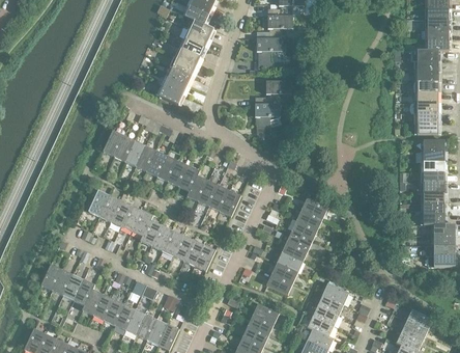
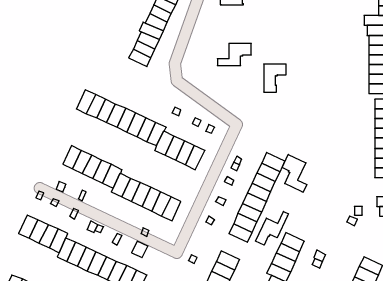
building: [258,38,282,67] -> none
building: [256,104,280,134] -> [264,64,286,92]
building: none -> [282,154,307,192]
building: none -> [256,211,288,245]

